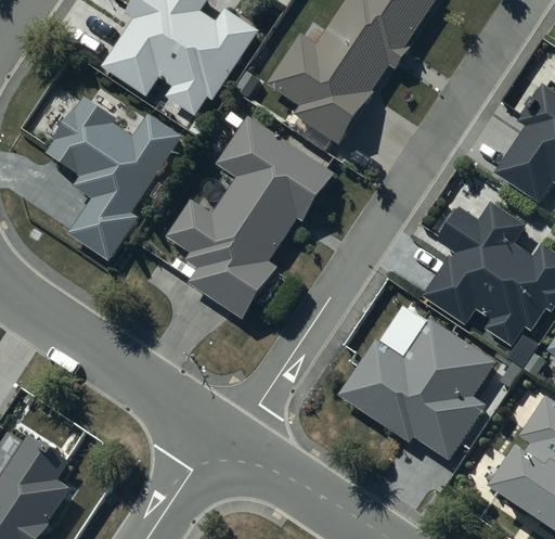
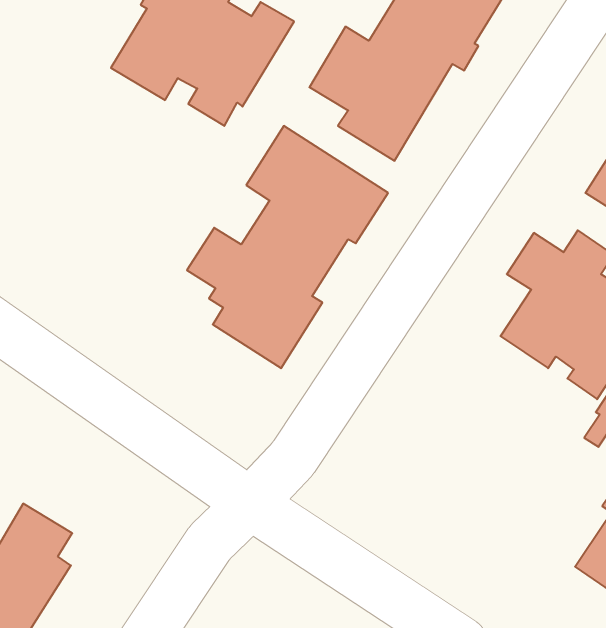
building: [43,97,185,262] -> none
building: [339,301,498,459] -> none

